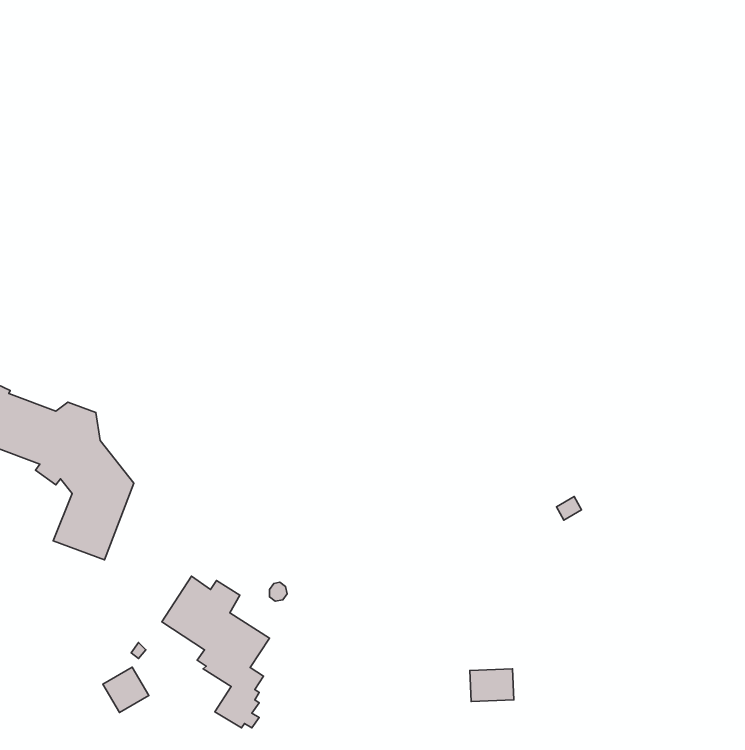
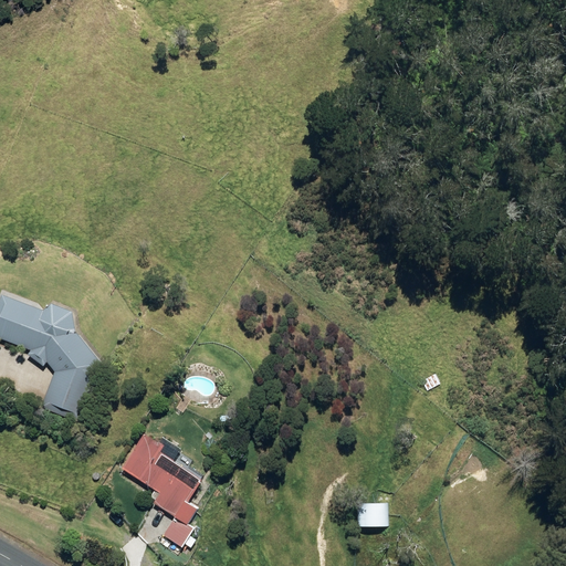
building: [103,667,149,712] -> none

